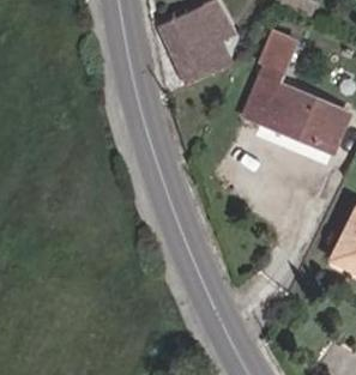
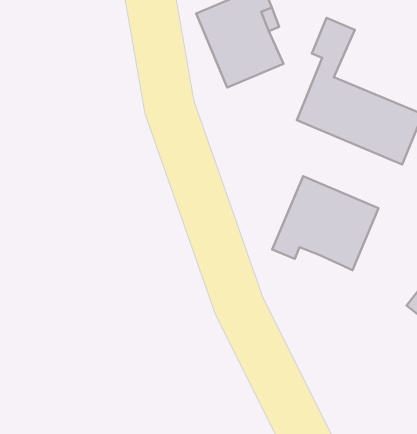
building: none -> [272,176,379,270]

